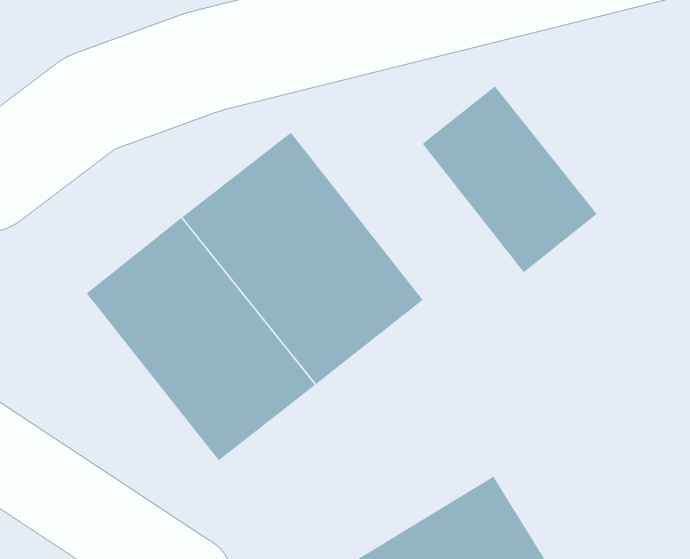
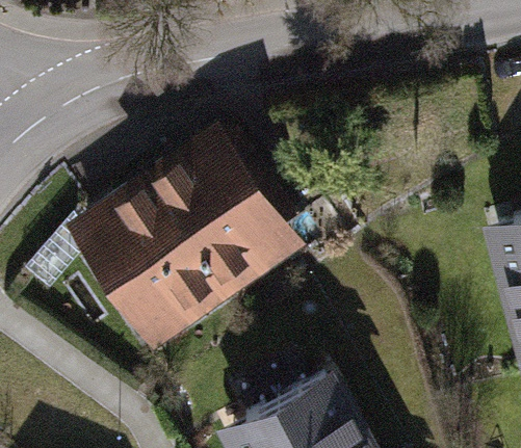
building: [422,86,597,273] -> none

